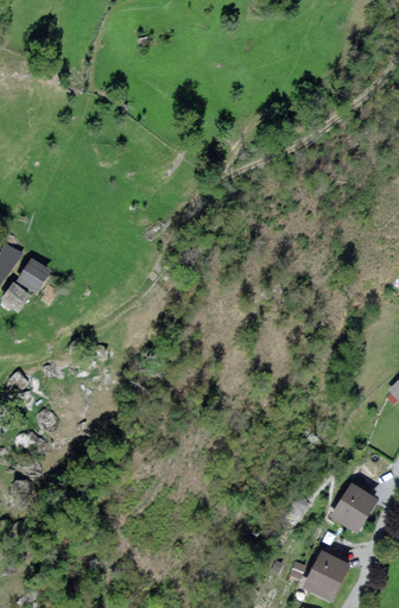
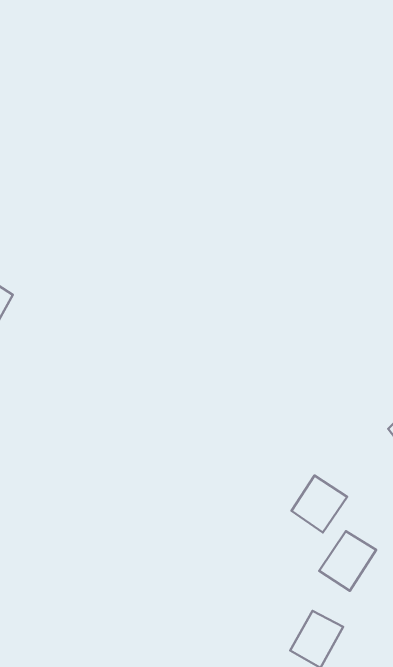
building: none -> [292,475,347,533]

